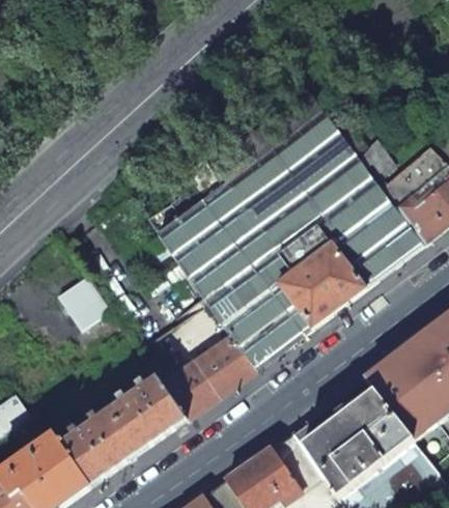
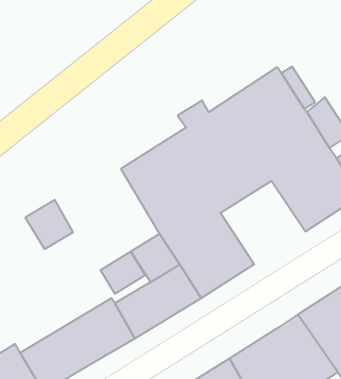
building: [270,234,365,328] -> none

